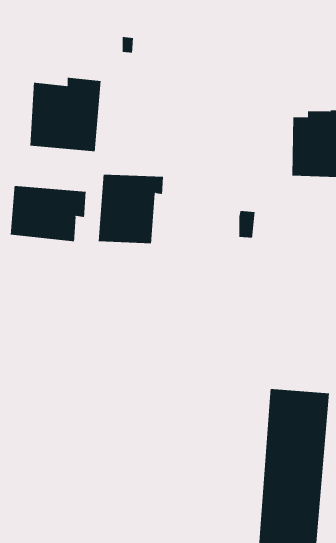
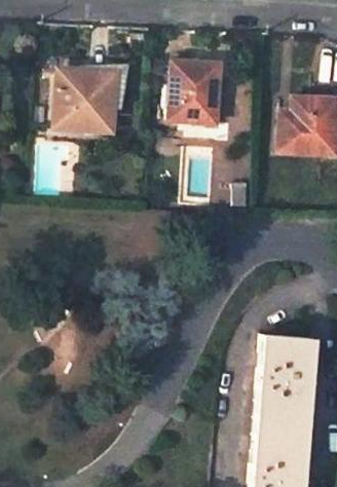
building: [98,174,164,244] -> [168,62,225,121]
building: [10,185,86,242] -> none

